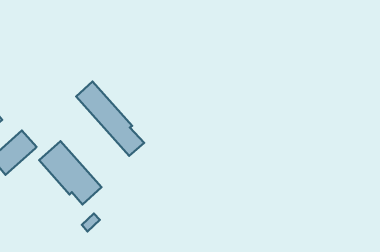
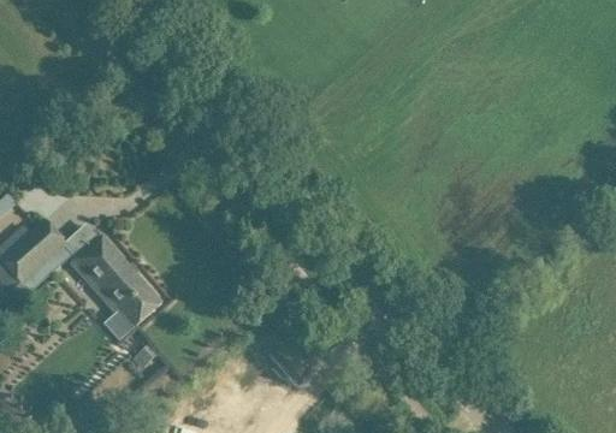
building: [76,82,144,156] -> none

